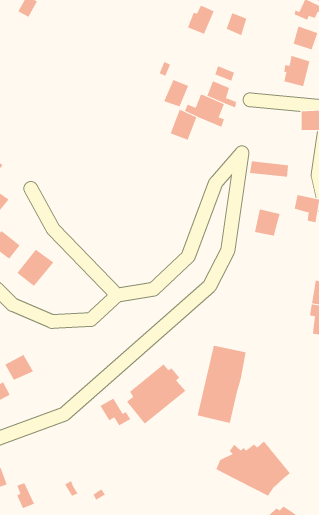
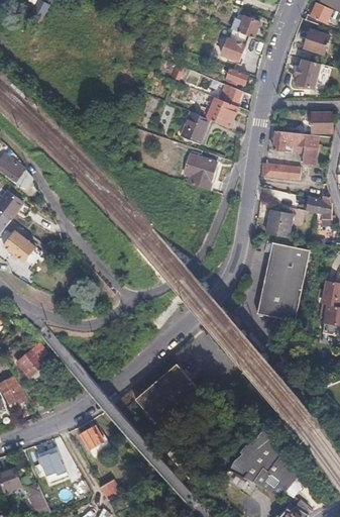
building: [187,5,215,35] -> [222,30,249,60]
building: [164,79,189,107] -> none
building: none -> [274,131,317,152]
building: none -> [184,157,216,189]
building: [17,249,54,287] -> none
building: [197,345,247,423] -> [257,244,307,322]
building: [100,398,131,426] -> [82,425,113,453]
building: none -> [39,446,68,480]

